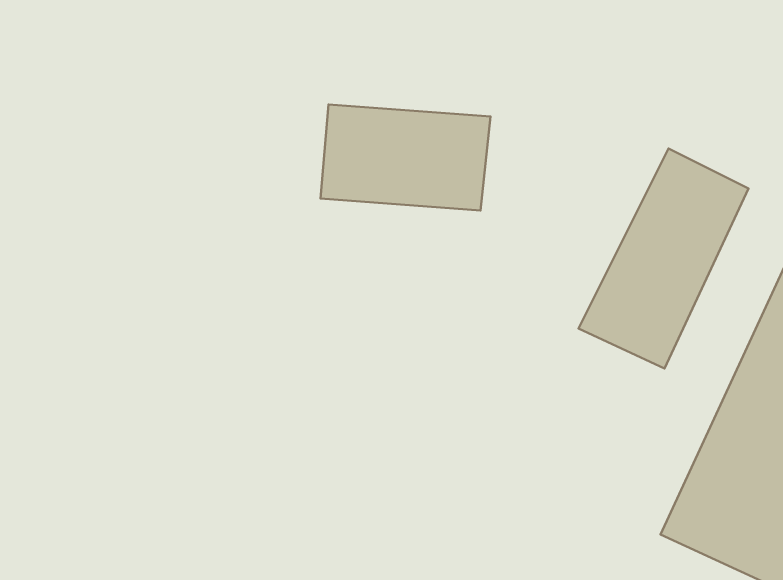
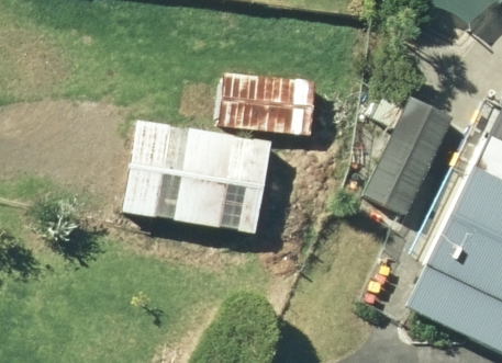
building: none -> [121,122,236,228]

